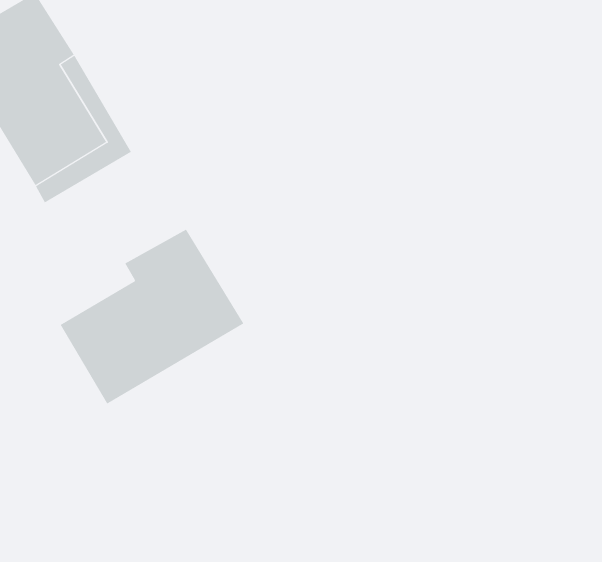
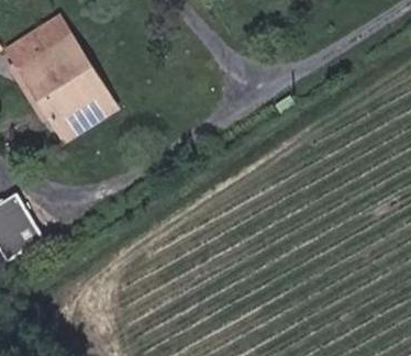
building: [60,229,244,404] -> none

